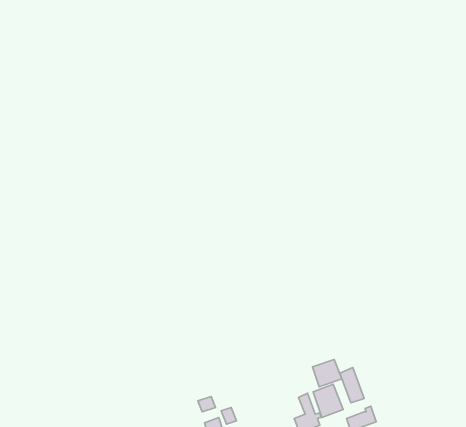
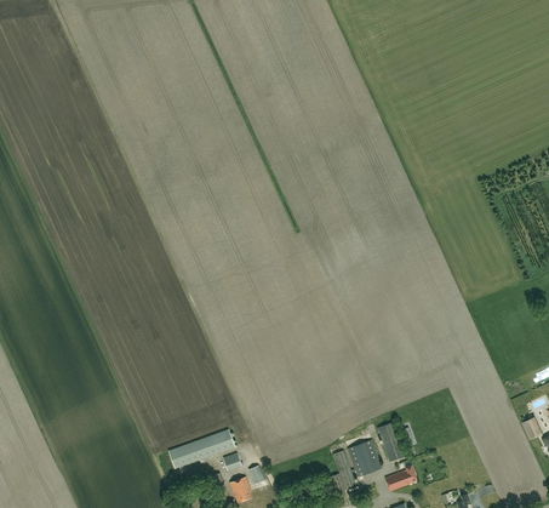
building: [313,359,342,387] -> none
building: none -> [167,429,234,468]

